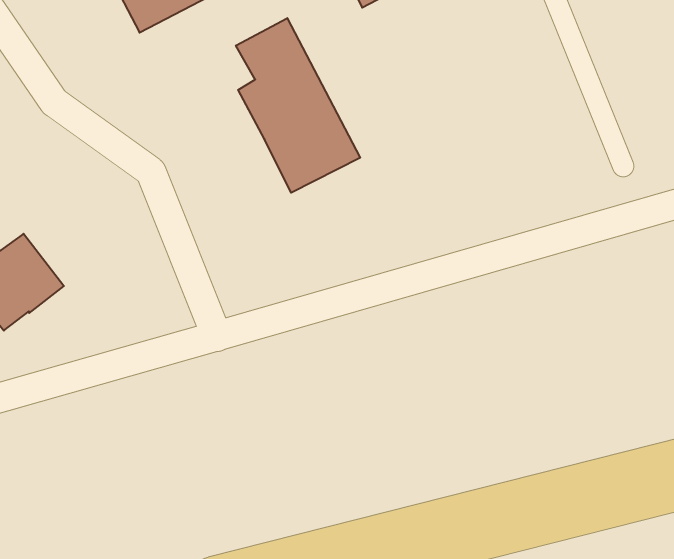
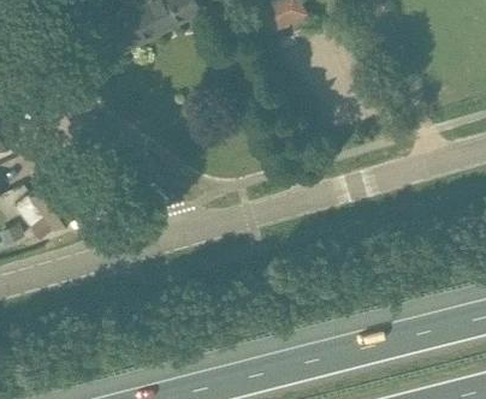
building: [236,18,360,193] -> none

